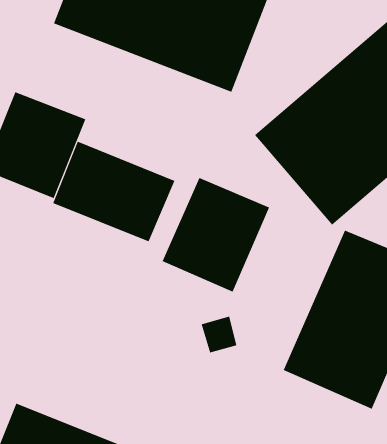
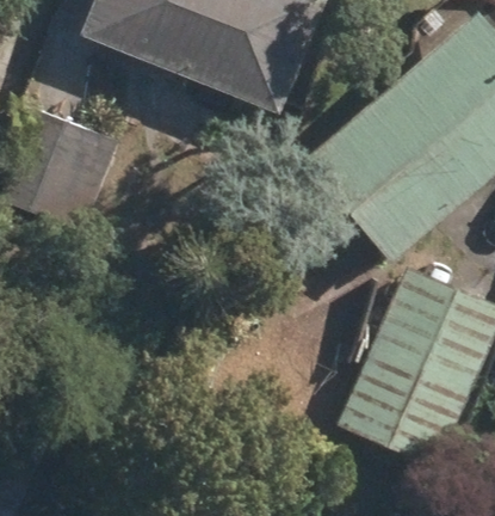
building: [52,141,175,242] -> none
building: [162,177,270,292] -> none

